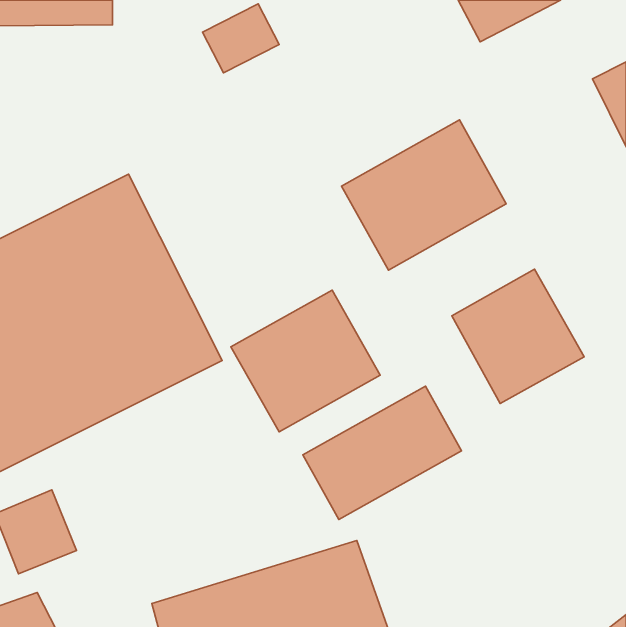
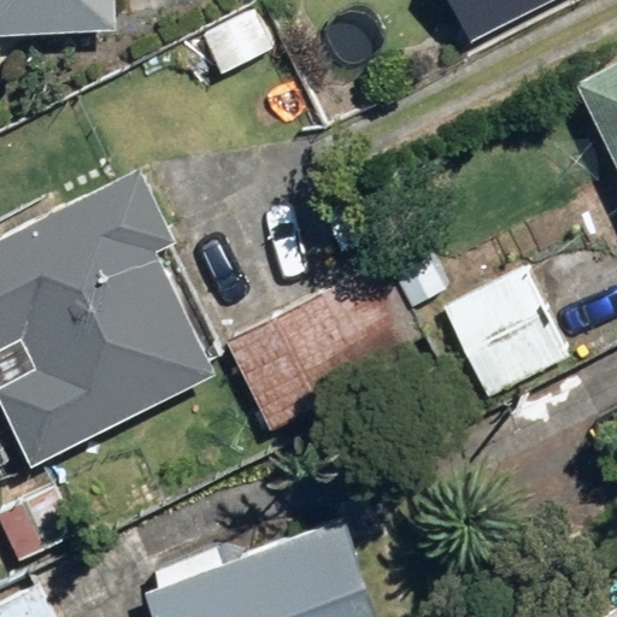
building: [342,120,506,270] -> none
building: [303,386,461,519] -> none

